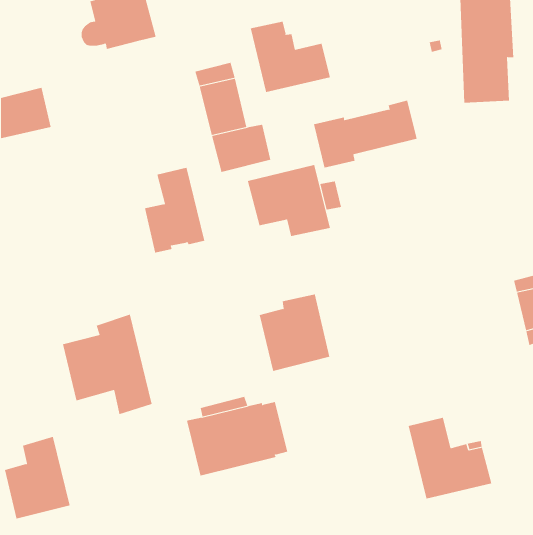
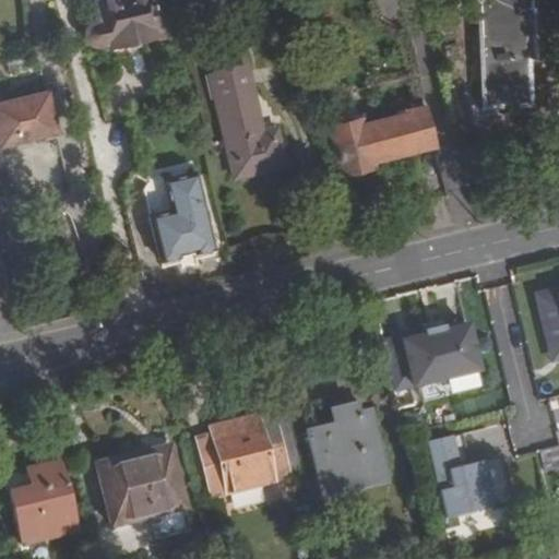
building: [250,21,330,93] -> none
building: [247,164,330,237] -> none
building: [259,294,330,372] -> [311,412,385,492]
building: [62,314,152,415] -> [96,435,190,539]
building: none -> [405,326,480,386]

